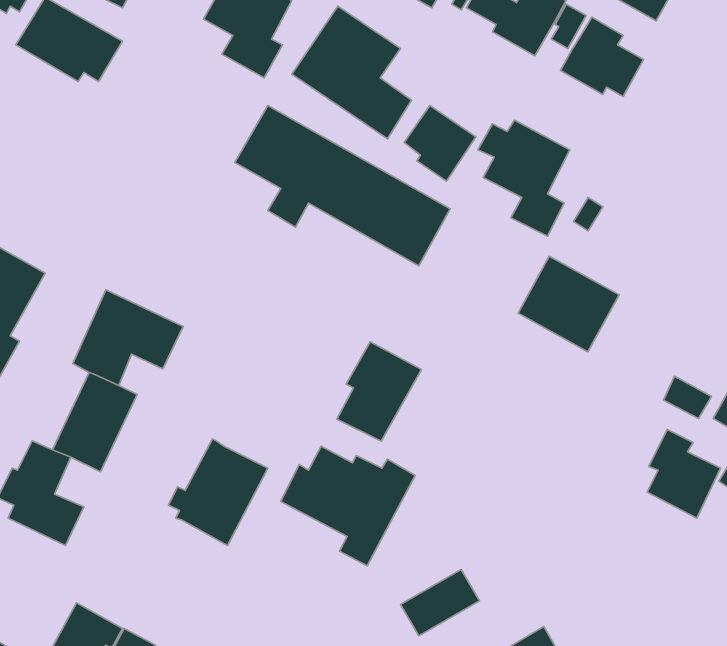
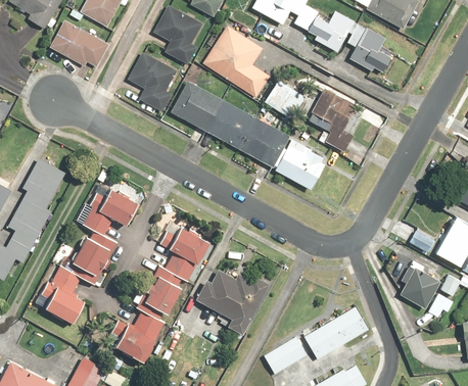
building: none -> [127,49,179,111]
building: [518,256,619,352] -> [273,137,329,190]
building: [337,342,422,441] -> [165,226,212,281]
building: none -> [303,304,374,361]
building: none -> [110,309,167,360]

